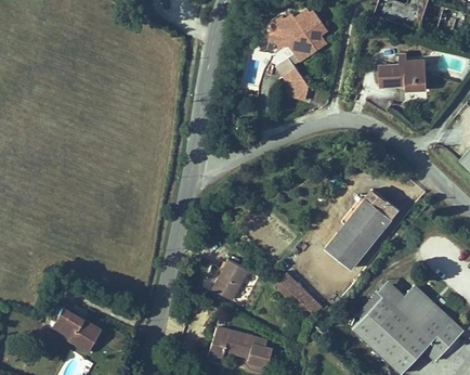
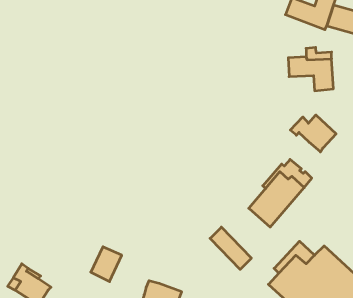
building: [267,13,324,108] -> none
building: none -> [290,115,336,152]
building: [205,263,240,303] -> [91,247,122,282]

